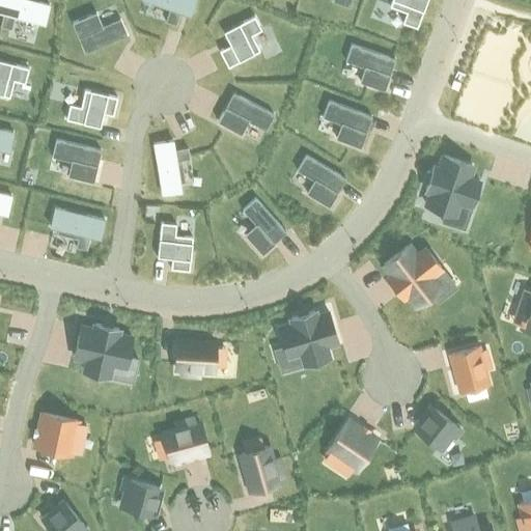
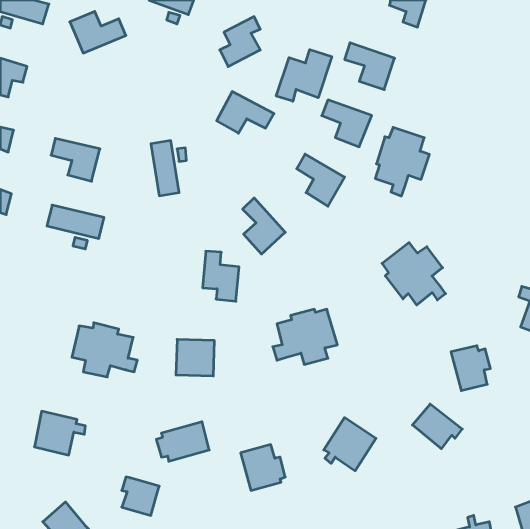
building: none -> [276,50,332,101]
building: [66,91,118,130] -> none
building: [426,157,480,225] -> [375,127,429,196]
building: [157,223,193,273] -> [203,251,239,301]

